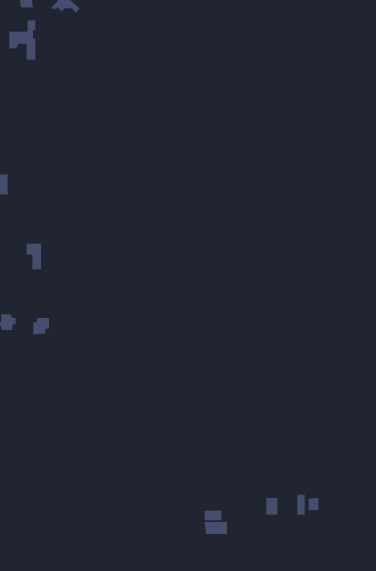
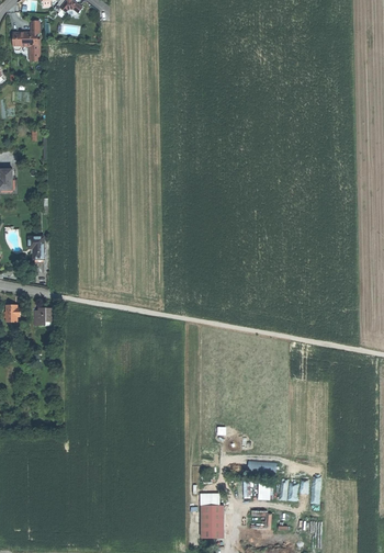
building: none -> [200,517,222,537]

